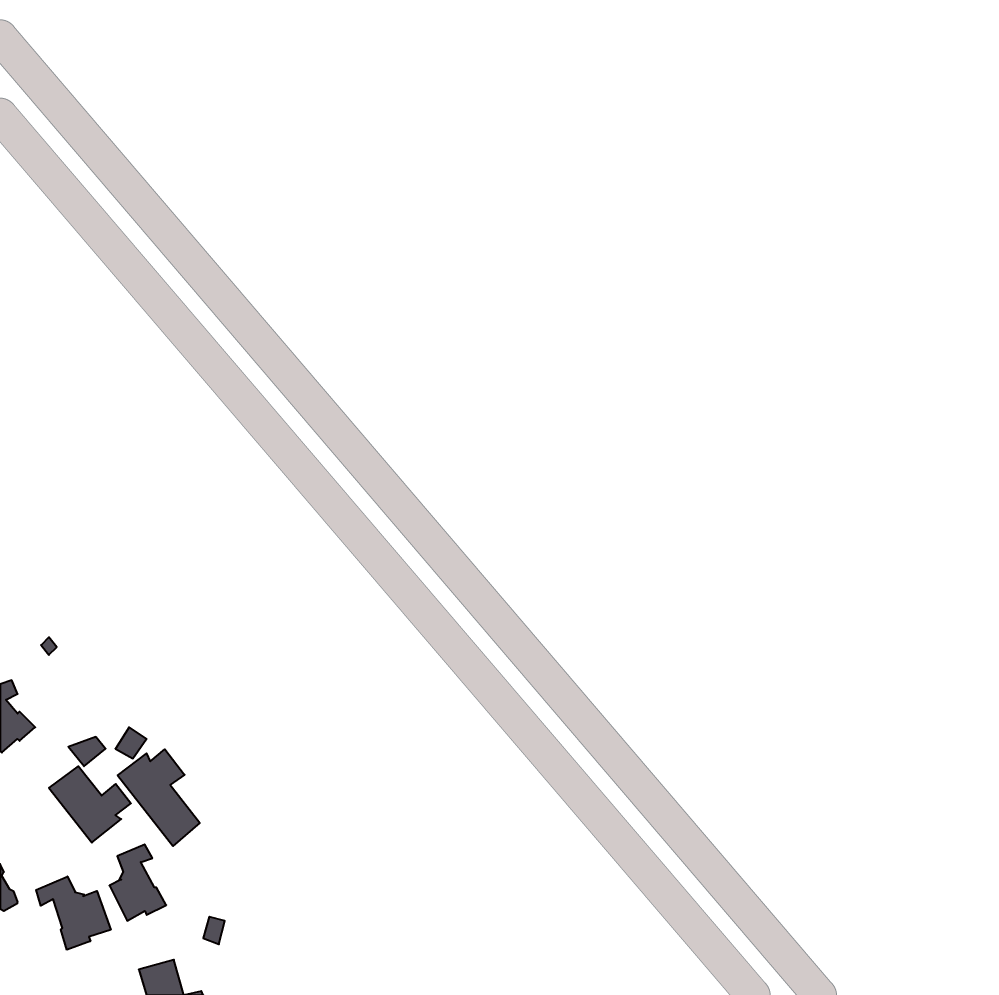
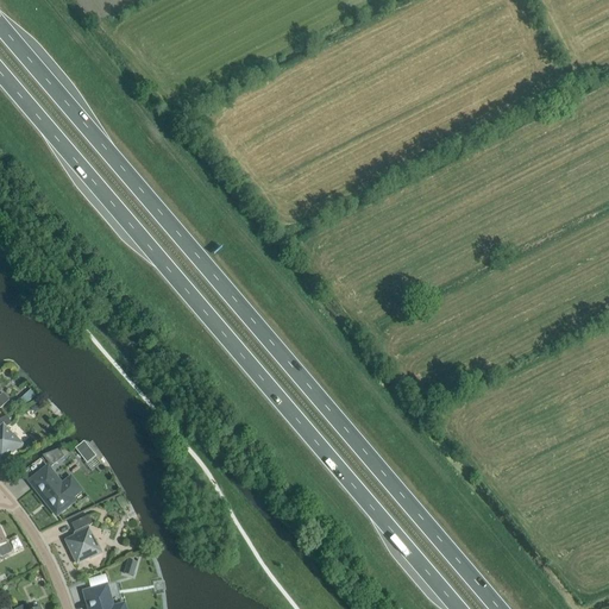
building: [118,749,200,846] -> none
building: [36,876,111,950] -> none

